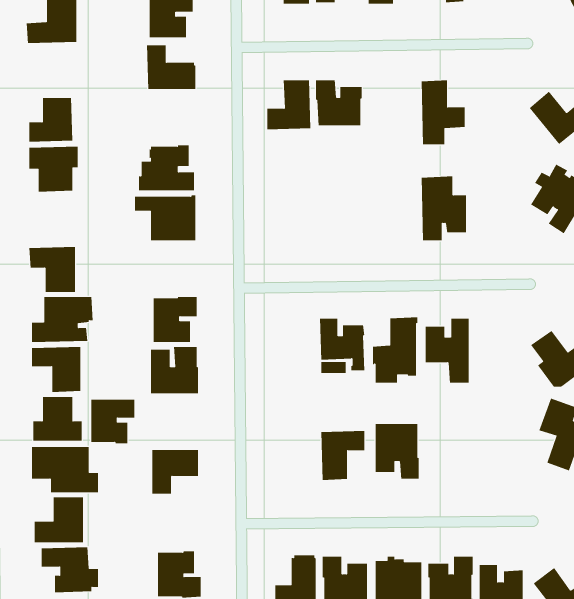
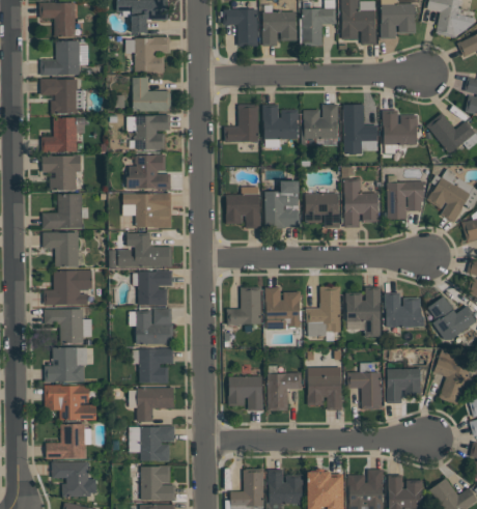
building: none -> [40,80,83,114]
building: none -> [301,106,338,140]
building: none -> [383,111,418,145]
building: none -> [136,115,170,150]
building: none -> [265,181,300,228]
building: none -> [387,182,424,220]
building: none -> [305,193,340,226]
building: none -> [43,194,83,229]
building: none -> [226,194,260,229]
building: none -> [118,233,172,267]
building: none -> [227,287,262,326]
building: none -> [385,293,424,328]
building: [90,399,135,444] -> [139,349,173,384]
building: none -> [387,369,421,403]
building: none -> [347,372,382,409]
building: none -> [228,376,263,411]
building: none -> [140,426,175,462]

